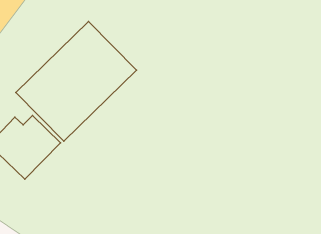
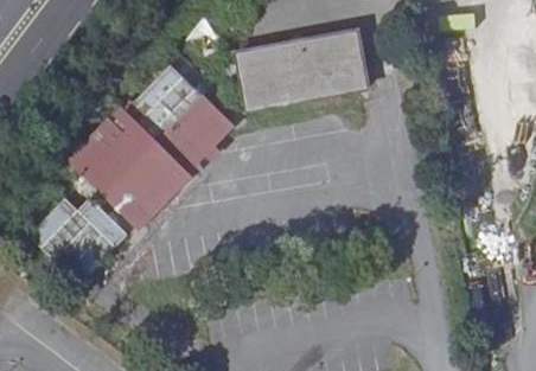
building: none -> [238,32,370,116]

